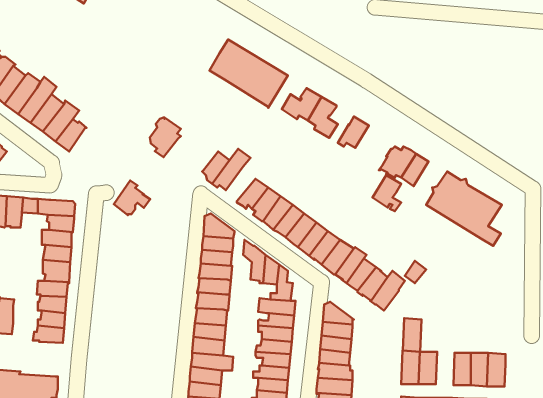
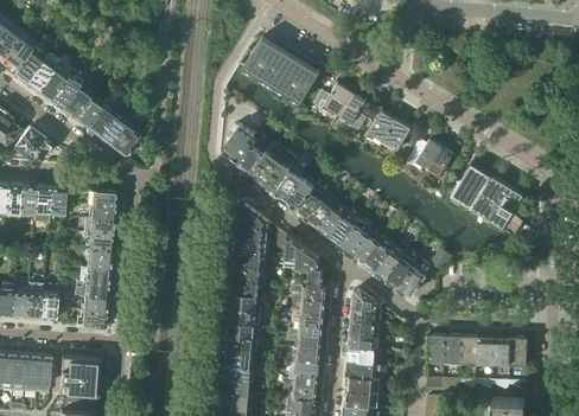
building: [150,117,181,157] -> [224,124,254,162]
building: none -> [259,151,295,192]
building: [373,175,401,211] -> [382,120,409,154]
building: [114,180,150,215] -> [109,122,144,155]
building: [403,318,421,352] -> [459,335,477,367]

